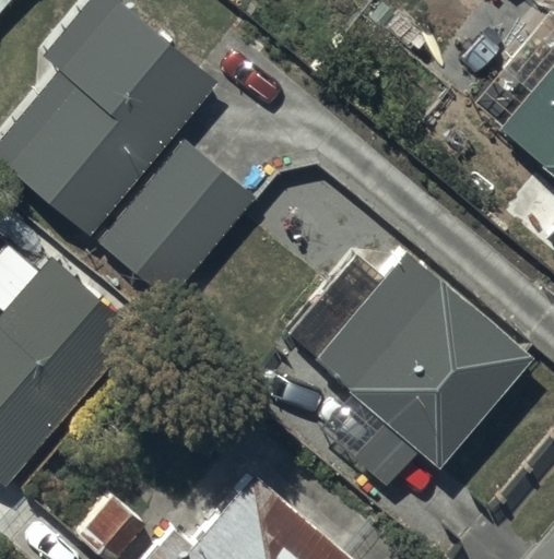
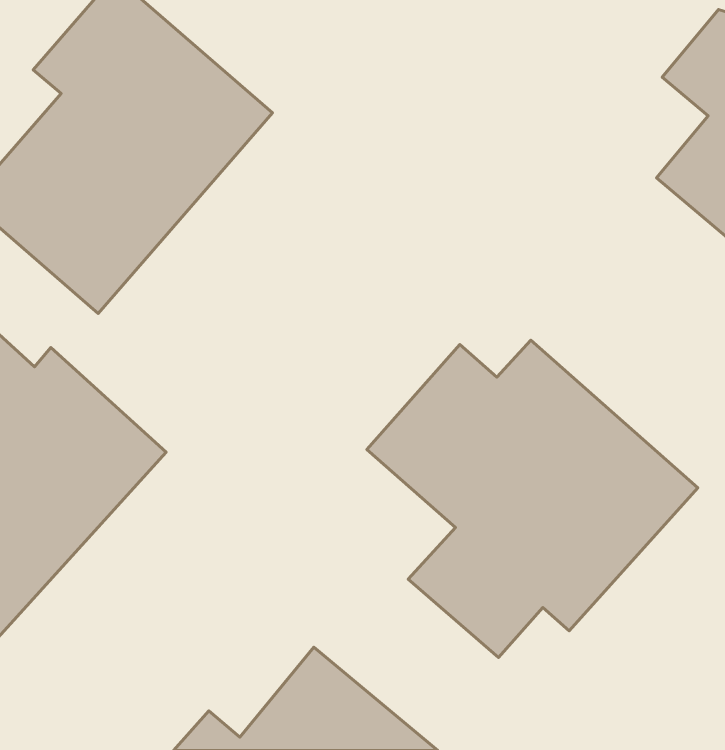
building: [96,138,256,302] -> none

